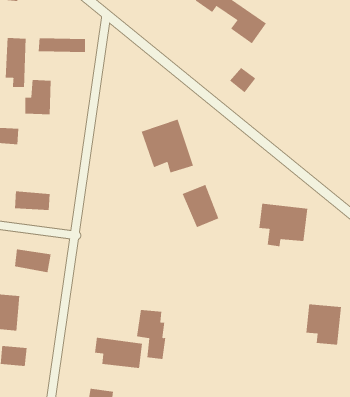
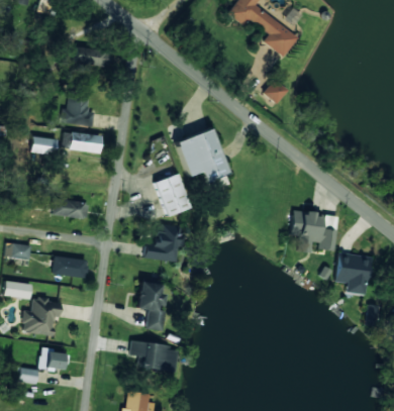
building: [5,37,26,88] -> none
building: none -> [70,131,102,152]
building: [182,184,219,228] -> [154,174,190,216]
building: none -> [145,224,180,261]
building: [306,304,342,345] -> [335,253,371,294]
building: [136,310,166,359] -> [136,282,166,330]

